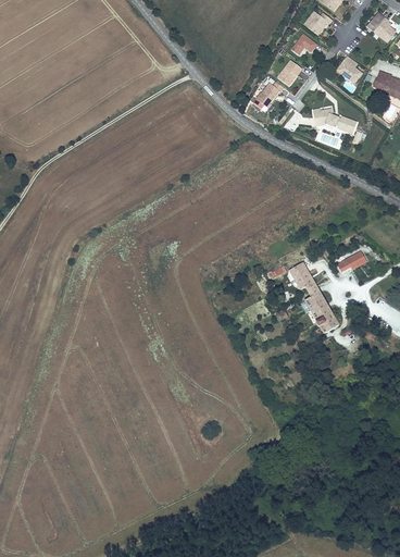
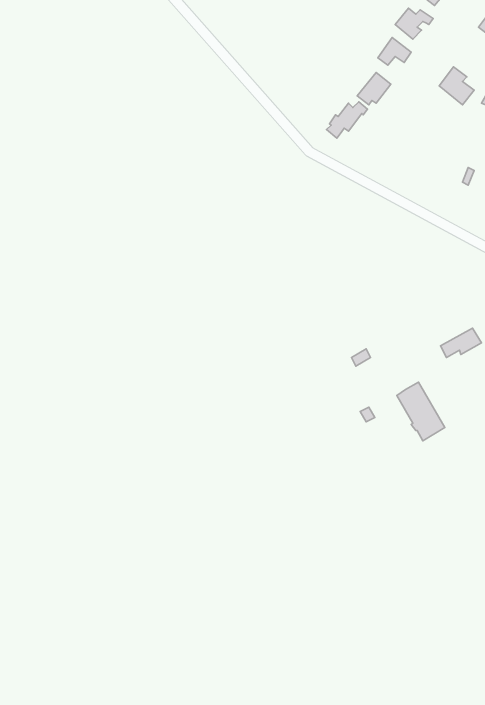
building: [314,107,358,132] -> none
building: [289,260,321,295] -> none

